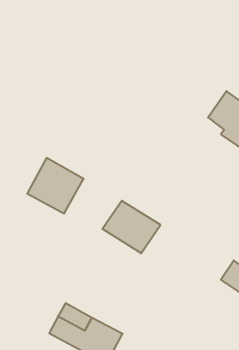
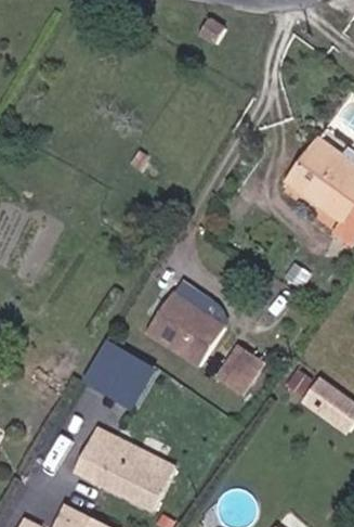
building: [27,158,84,214] -> [81,338,157,413]
building: none -> [215,345,264,395]

